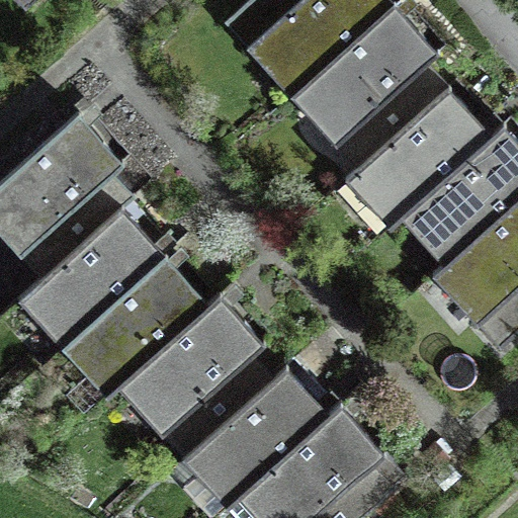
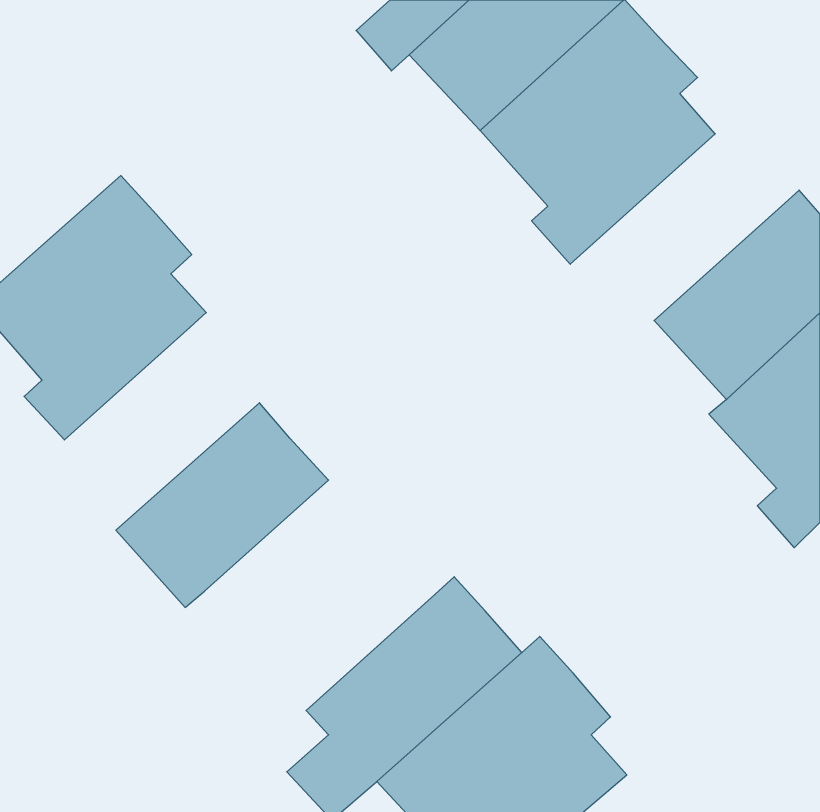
building: [335,91,491,240] -> none
building: [30,212,163,340] -> none
building: [128,298,273,461] -> none

